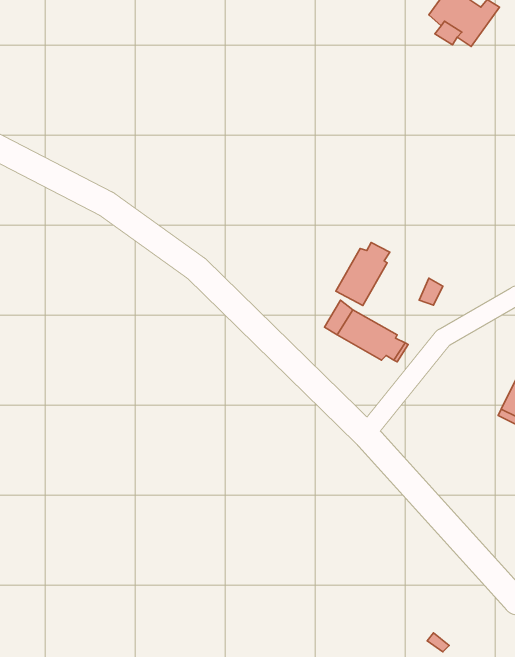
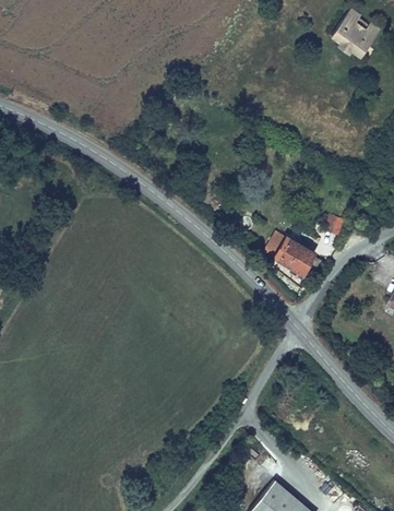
building: [336,243,390,305] -> none

